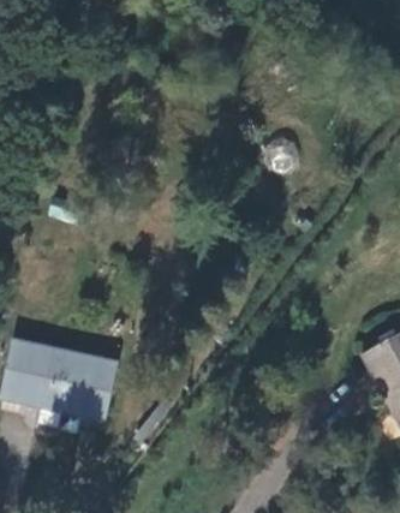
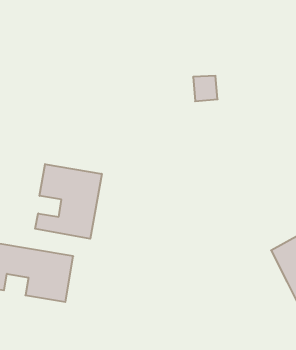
building: none -> [35,164,102,239]

